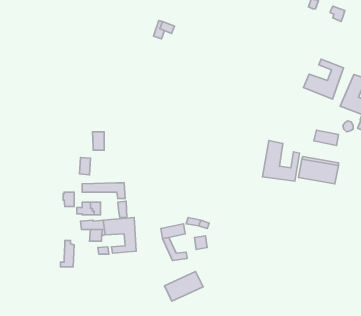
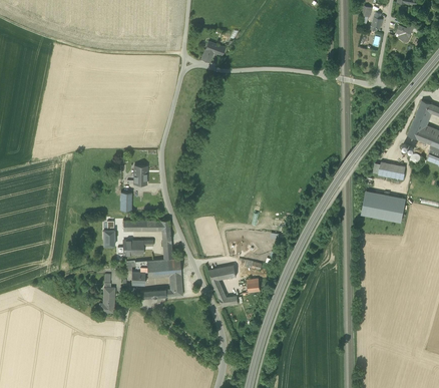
building: [303,59,344,99] -> none
building: [262,140,300,181] -> none
building: [164,271,203,301] -> none

